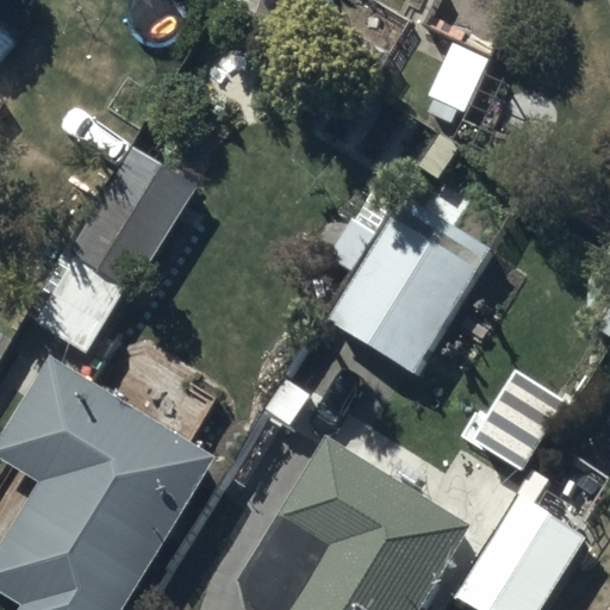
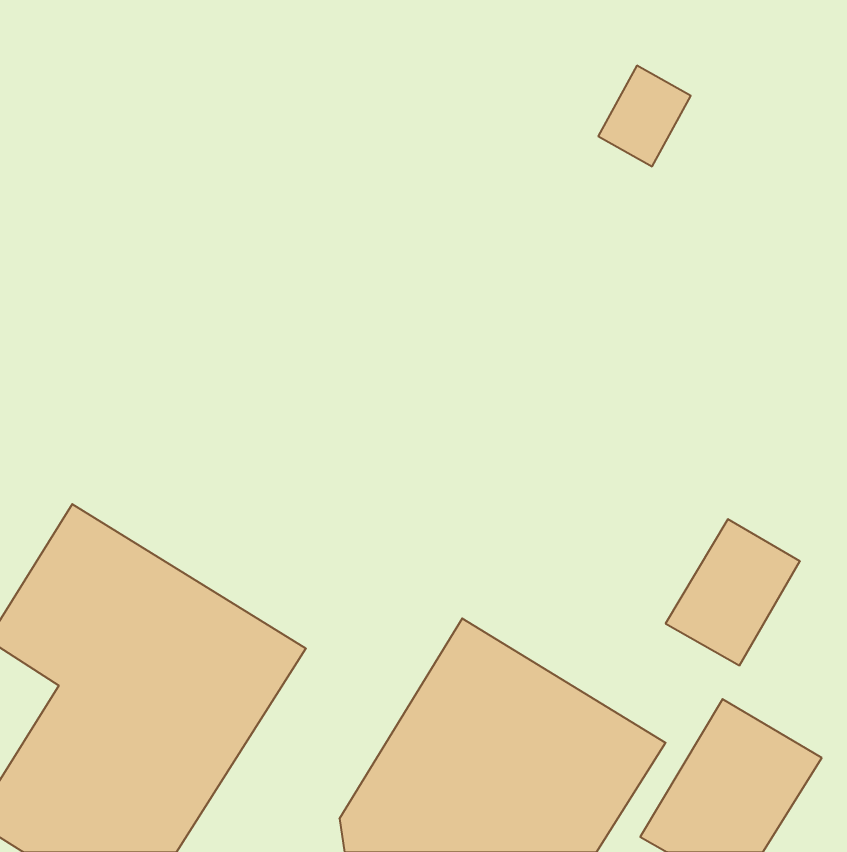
building: [35,167,185,355] -> none
building: [334,198,473,361] -> none

